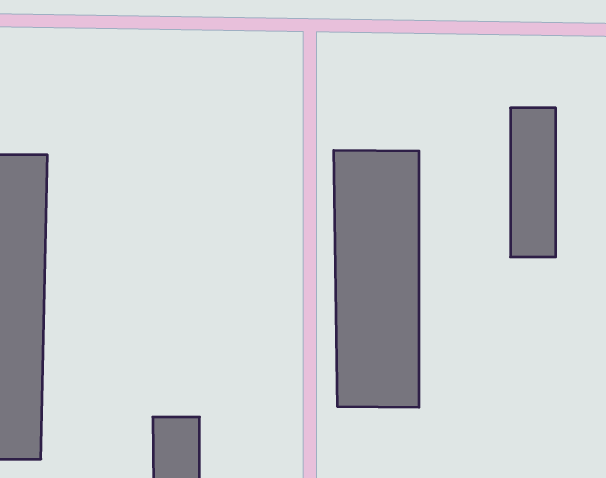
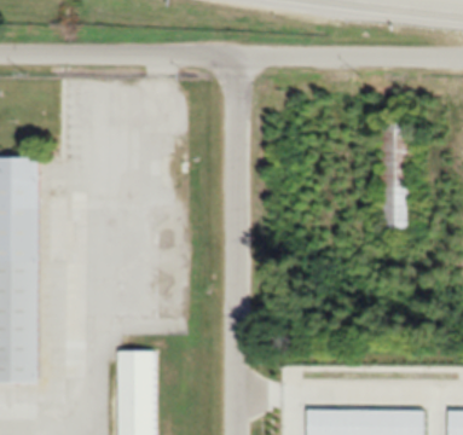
building: [334,150,419,407] -> none

